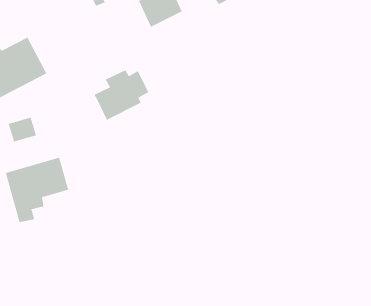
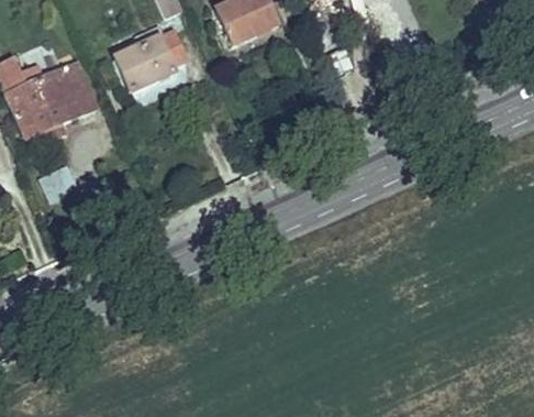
building: [94,70,149,121] -> [113,25,186,92]
building: [5,157,69,223] -> none

